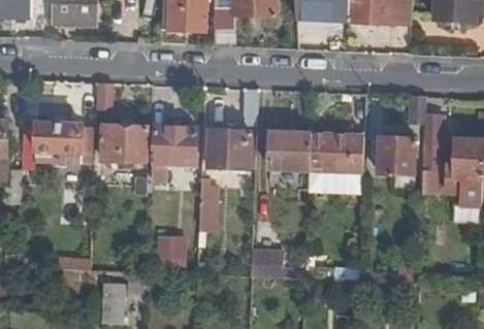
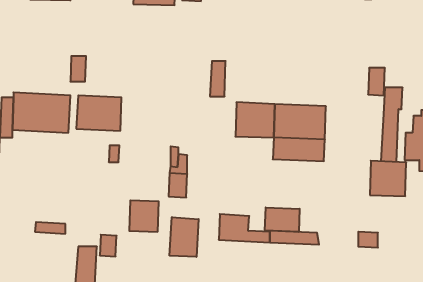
building: [153,127,196,179] -> none
building: [207,129,250,169] -> none
building: [378,136,416,173] -> [370,161,406,196]
building: none -> [265,207,300,232]
building: none -> [170,217,199,257]

